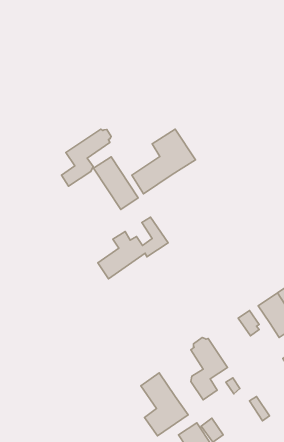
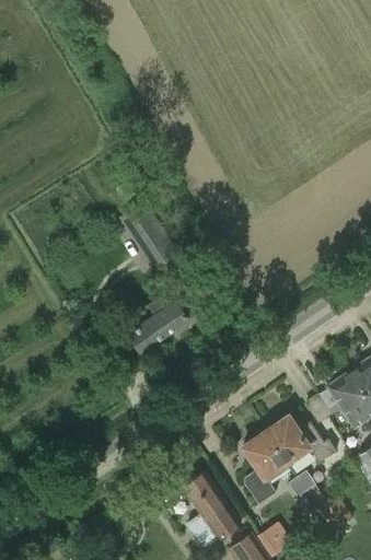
building: [132,129,196,194] -> none
building: [62,129,111,186] -> none
building: none -> [267,412,337,465]

